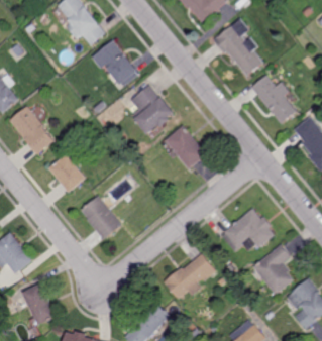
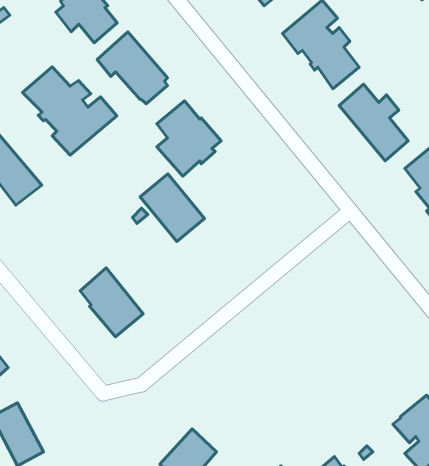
building: none -> [22,67,117,155]
building: [165,125,207,169] -> [140,174,205,241]
building: [47,146,85,193] -> none
building: [223,209,275,251] -> none
building: [251,244,293,296] -> none
building: [163,253,215,300] -> none

